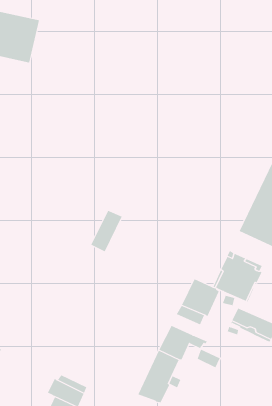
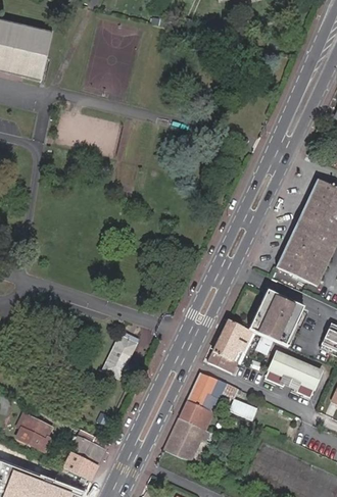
building: [91,210,122,252] -> [102,331,138,378]
building: none -> [16,412,54,452]

